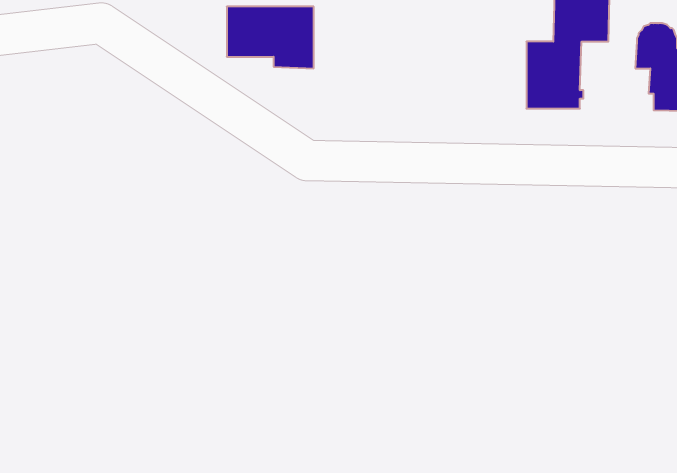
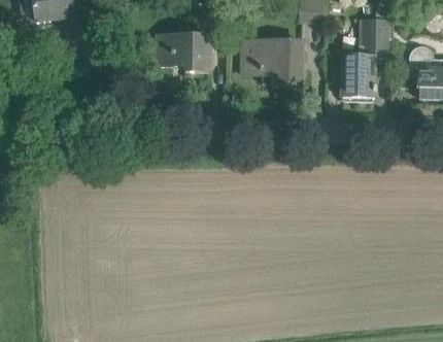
building: none -> [243,40,302,87]

